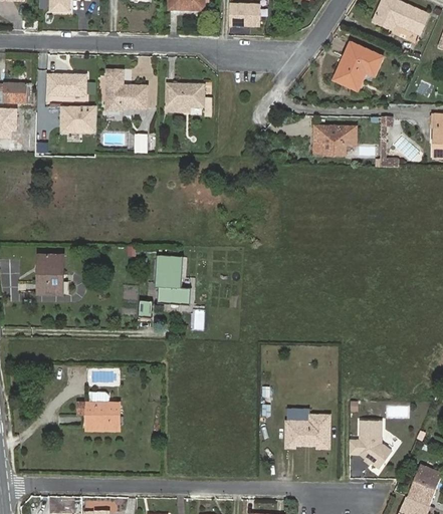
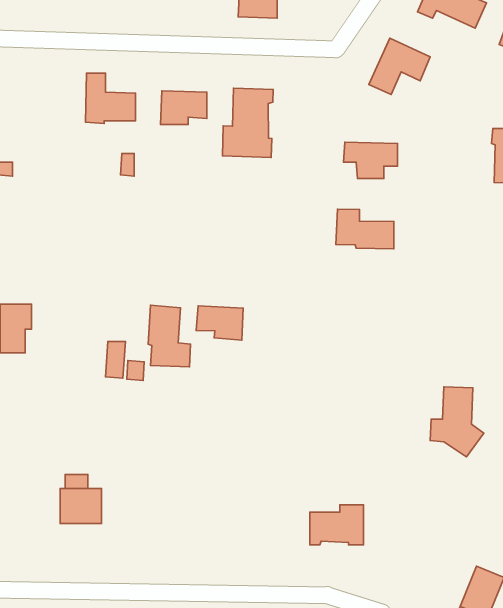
building: [46,74,84,95] -> none
building: none -> [222,88,273,157]
building: [59,105,95,133] -> none
building: none -> [336,209,394,249]
building: none -> [196,306,243,340]
building: [350,414,393,470] -> [430,387,484,457]

